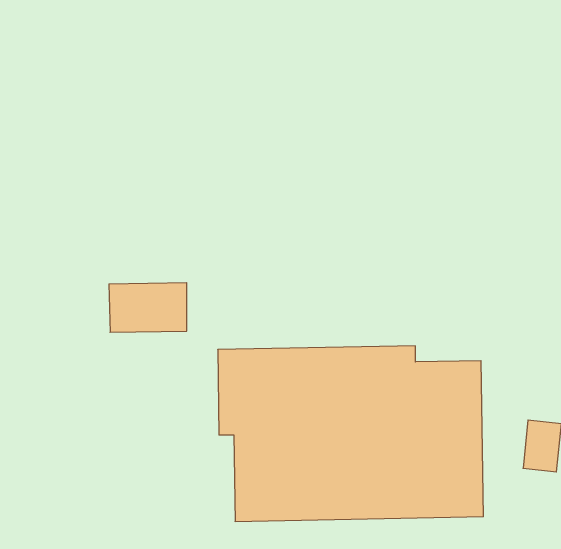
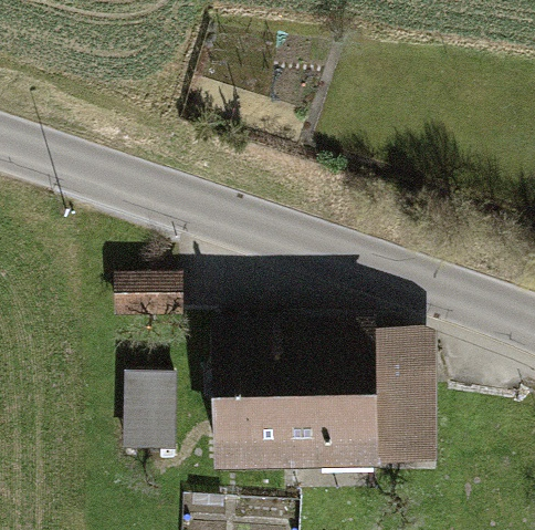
building: none -> [117,367,174,451]

